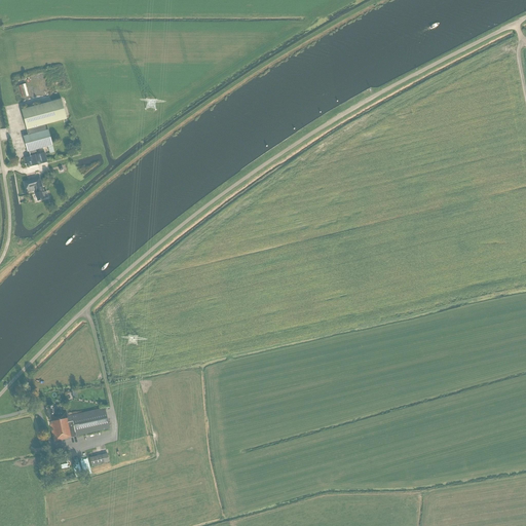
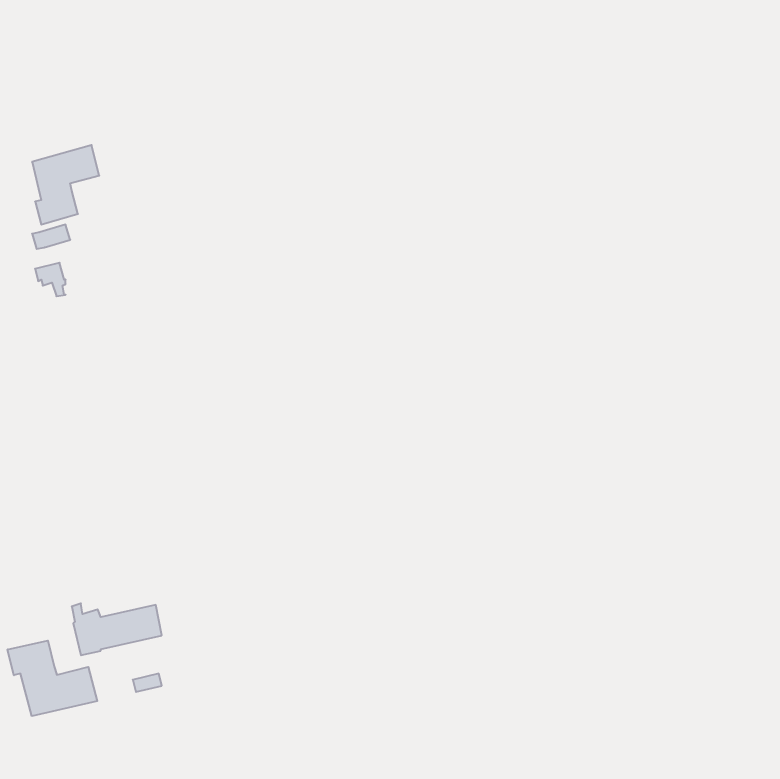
building: none -> [8,641,97,716]

